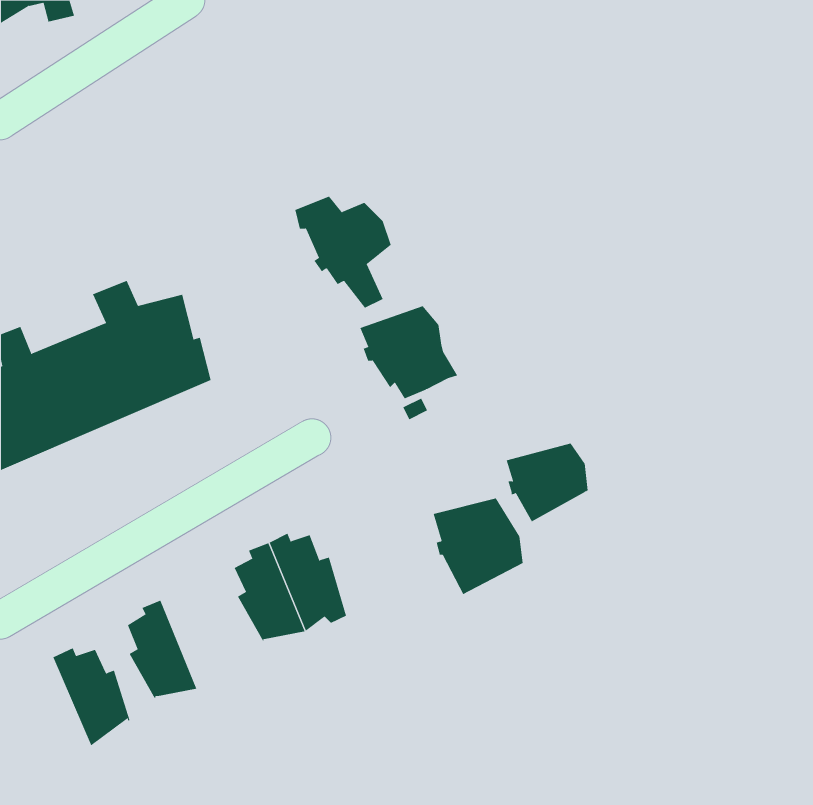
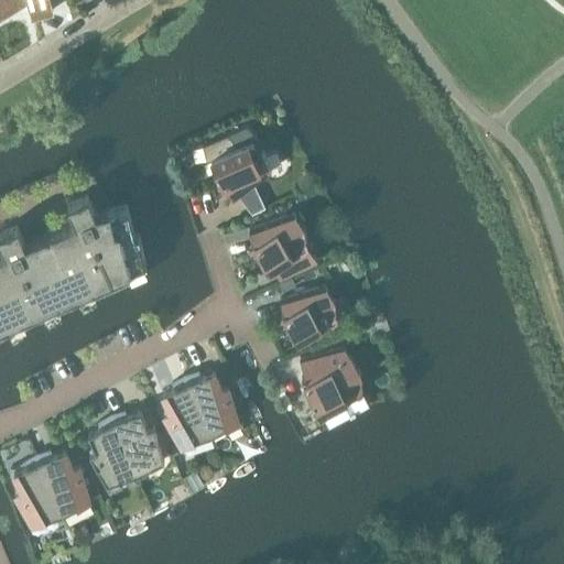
building: [506,443,589,522] -> [280,290,337,345]
building: none -> [111,414,164,482]
building: none -> [14,460,63,529]

